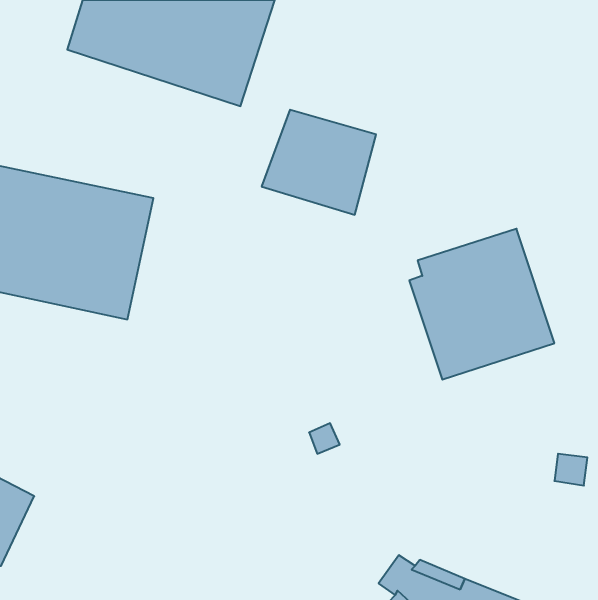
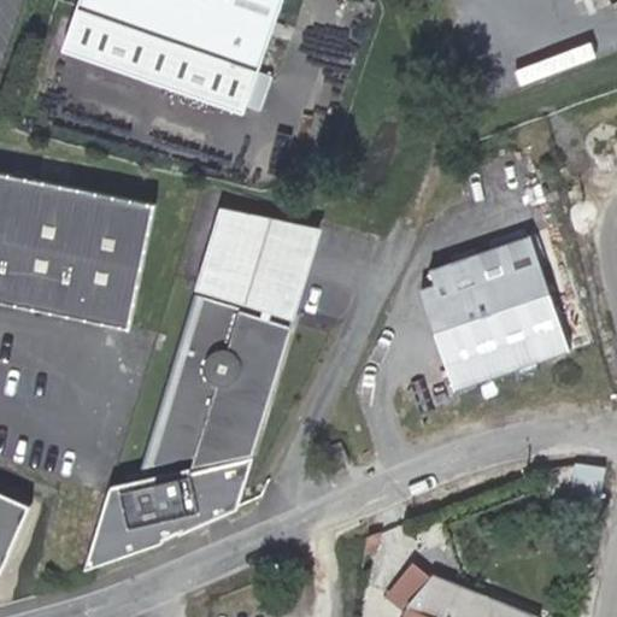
building: [262,110,376,215] -> [193,208,310,316]
building: none -> [88,298,283,569]

